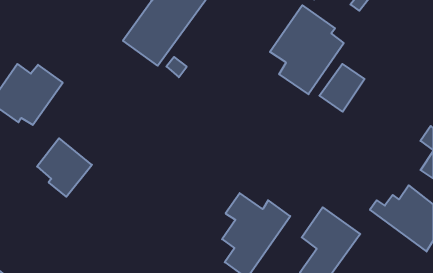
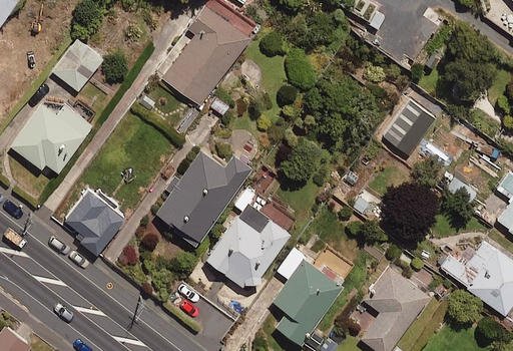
building: [270,5,344,94] -> none
building: none -> [52,39,102,91]
building: none -> [154,150,251,246]
building: none -> [205,190,290,286]

